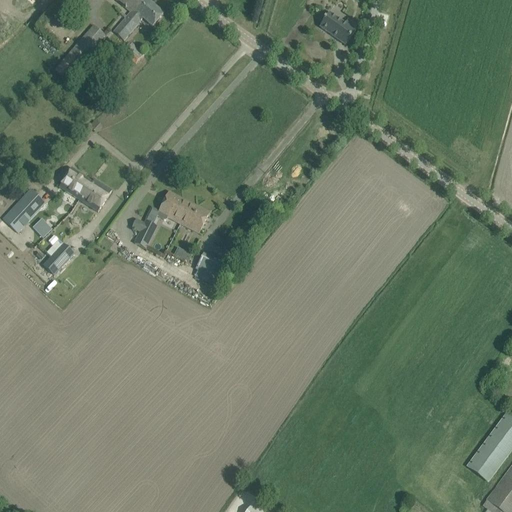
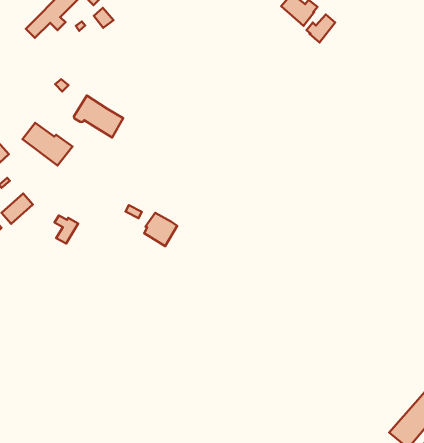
building: none -> [307,14,335,43]
building: [157,190,209,232] -> [74,96,123,137]
building: [132,218,157,247] -> [55,215,78,244]

